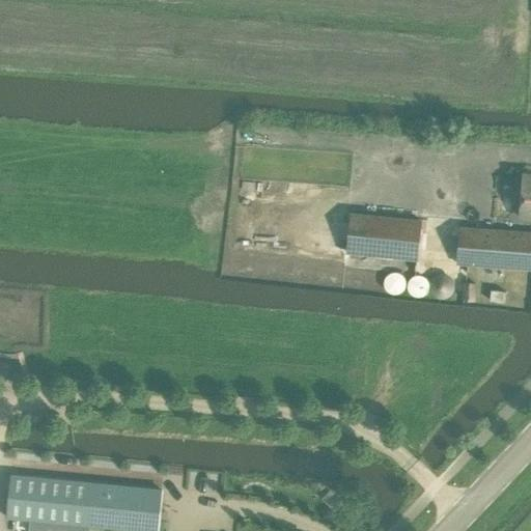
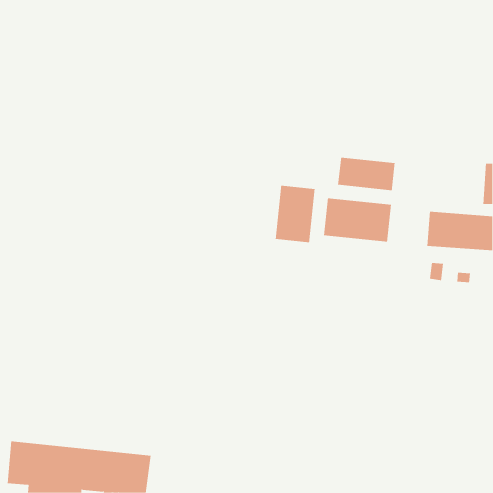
building: none -> [338,157,395,191]
building: none -> [275,185,315,243]

